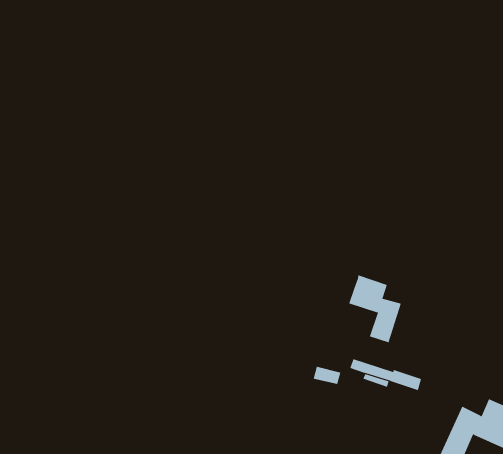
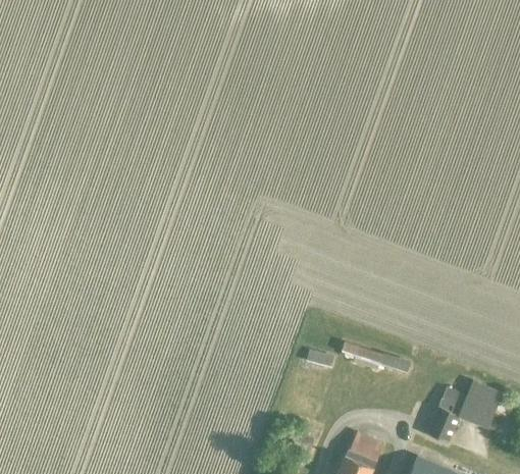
building: [349,275,401,343] -> none

